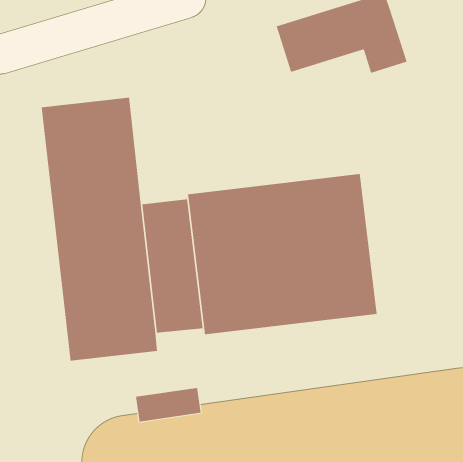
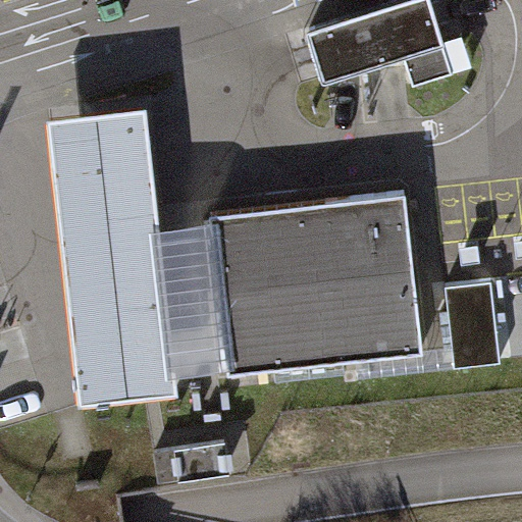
building: none -> [451,282,506,373]

